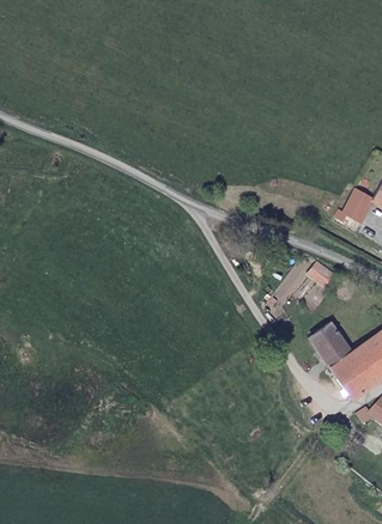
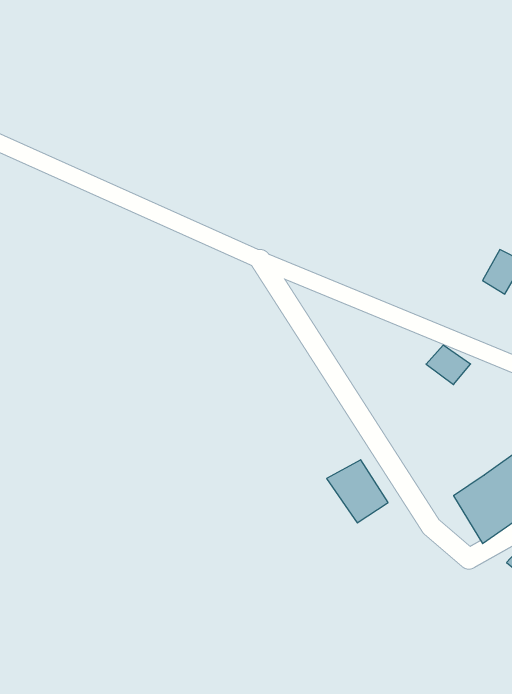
building: [308,321,351,365] -> [327,460,388,523]

